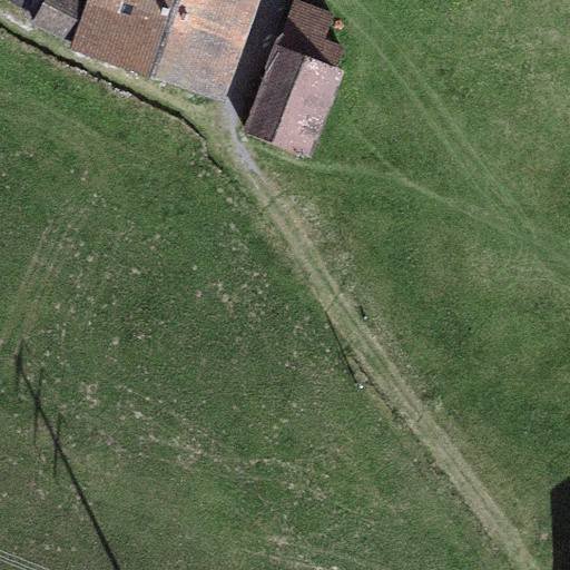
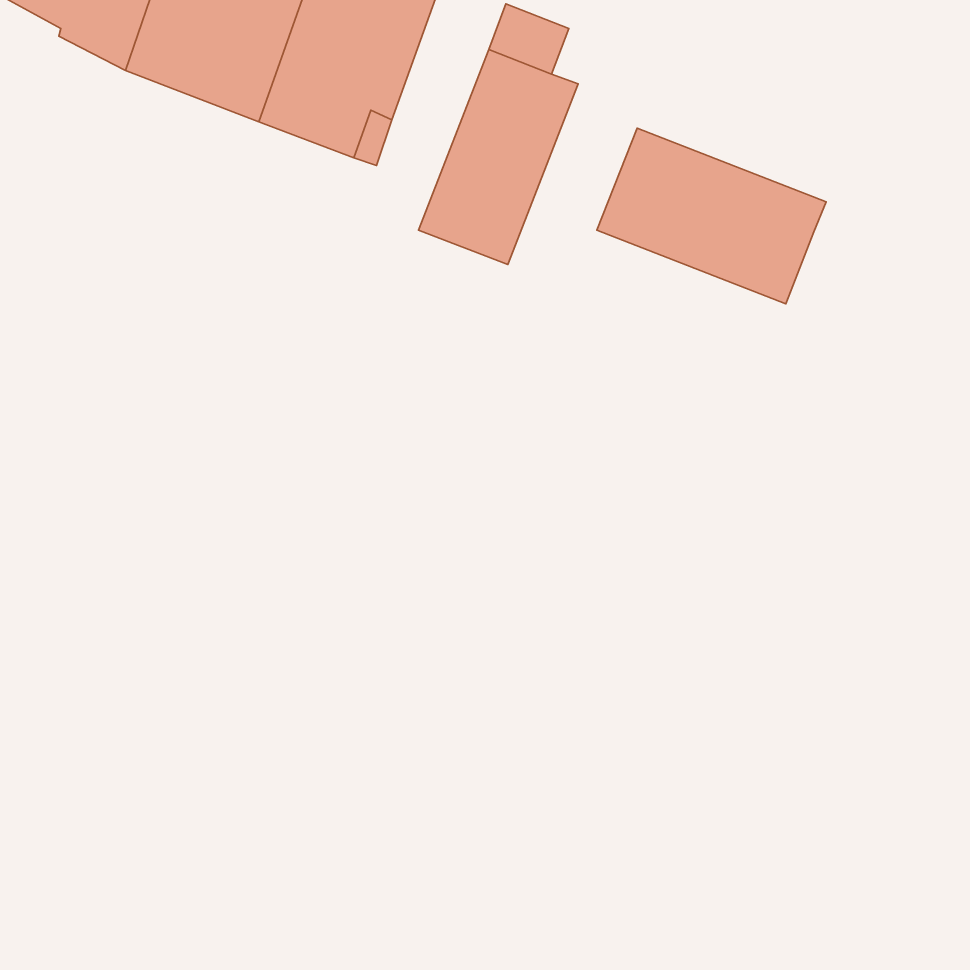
building: none -> [597,128,826,304]

